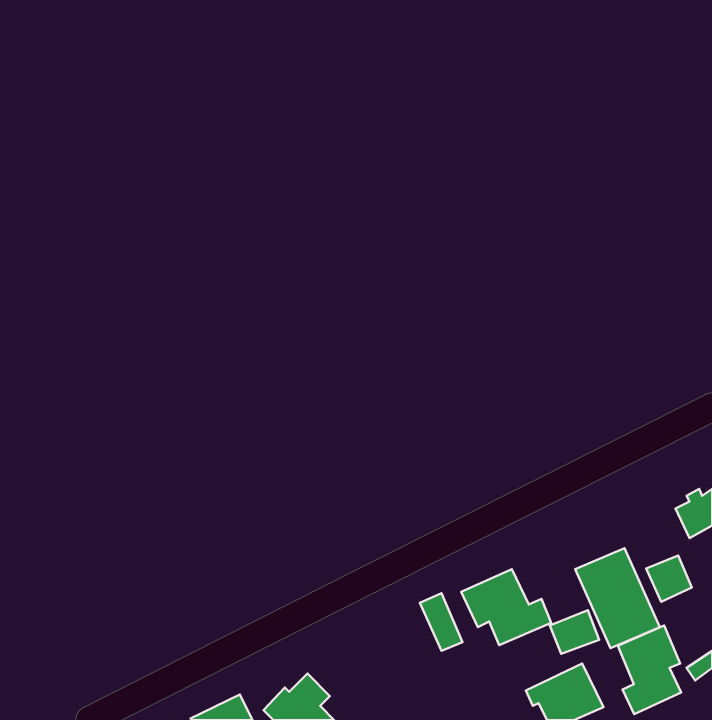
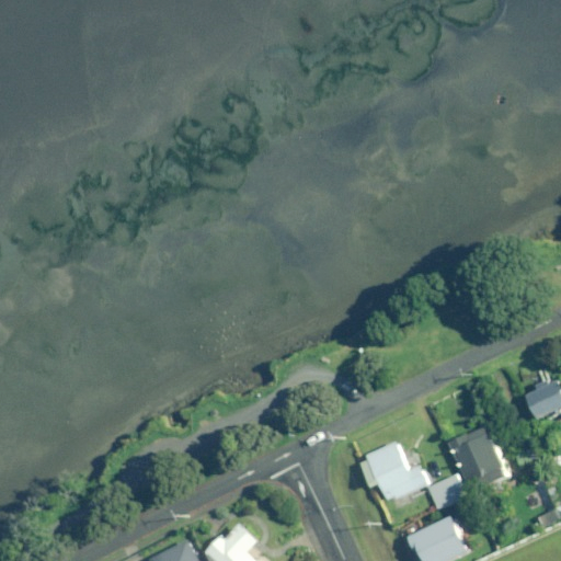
building: [646,556,692,602] -> none
building: [420,593,462,651] -> none
building: [618,625,681,714] -> none

